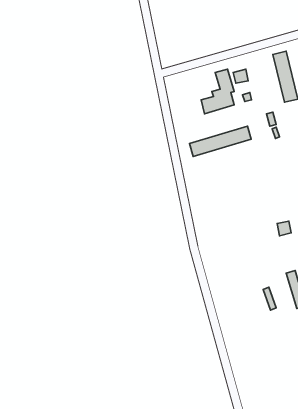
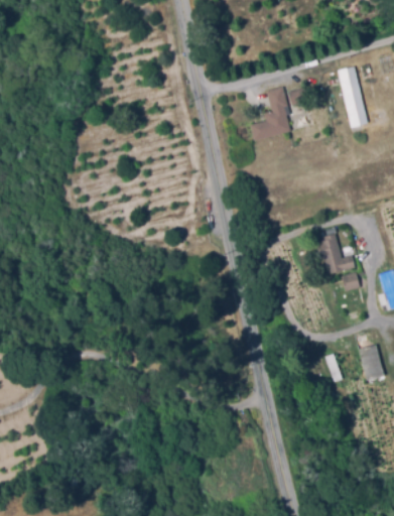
building: [189,126,251,156] -> none
building: none -> [315,234,355,274]

